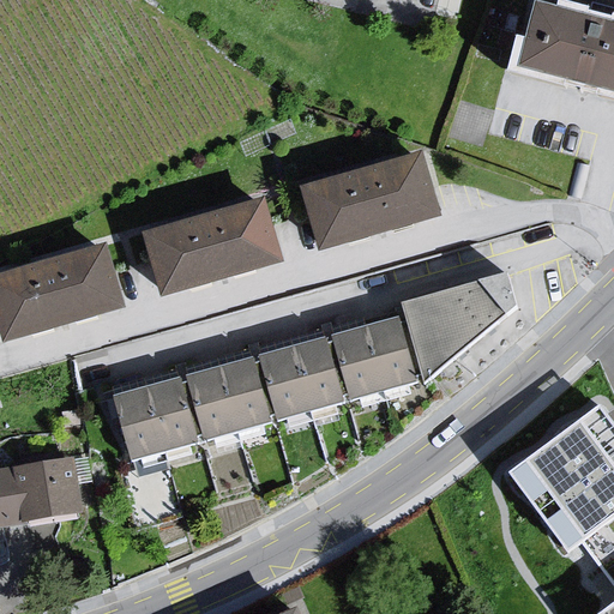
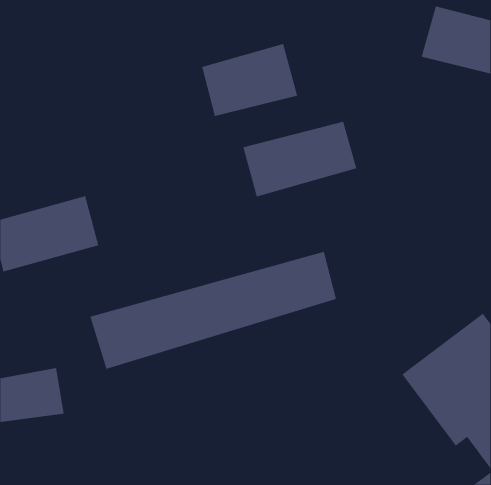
building: none -> [202,43,298,117]
building: [145,195,284,295] -> none
building: [403,281,508,383] -> none

